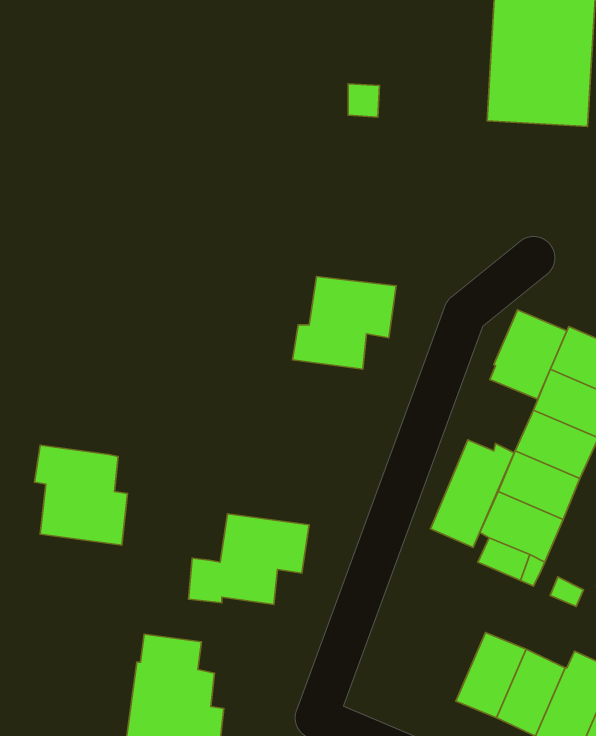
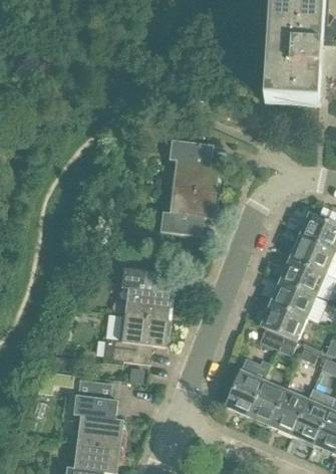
building: none -> [171,140,220,191]
building: [490,310,567,399] -> none
building: [431,440,514,547] -> [226,358,271,416]
building: [35,445,127,545] -> [122,266,173,320]

